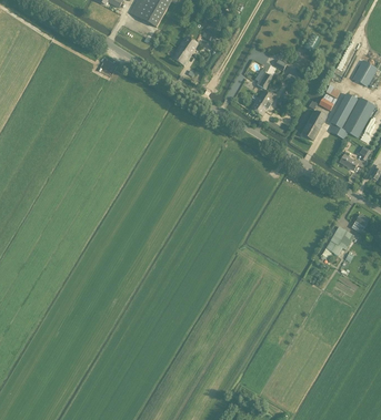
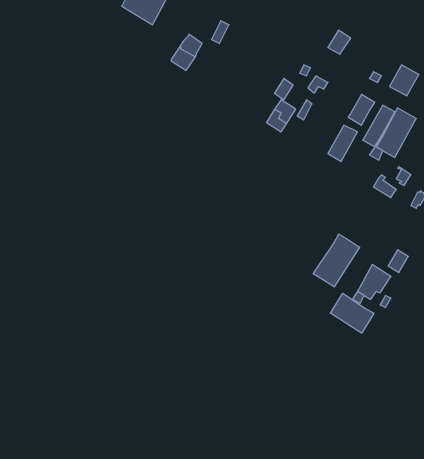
building: none -> [313,234,360,287]
building: none -> [330,293,374,333]

